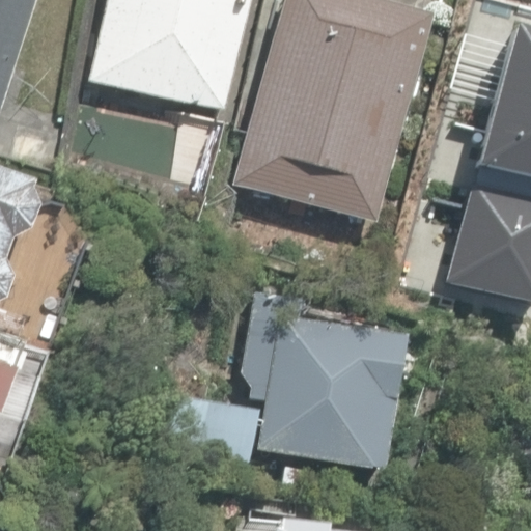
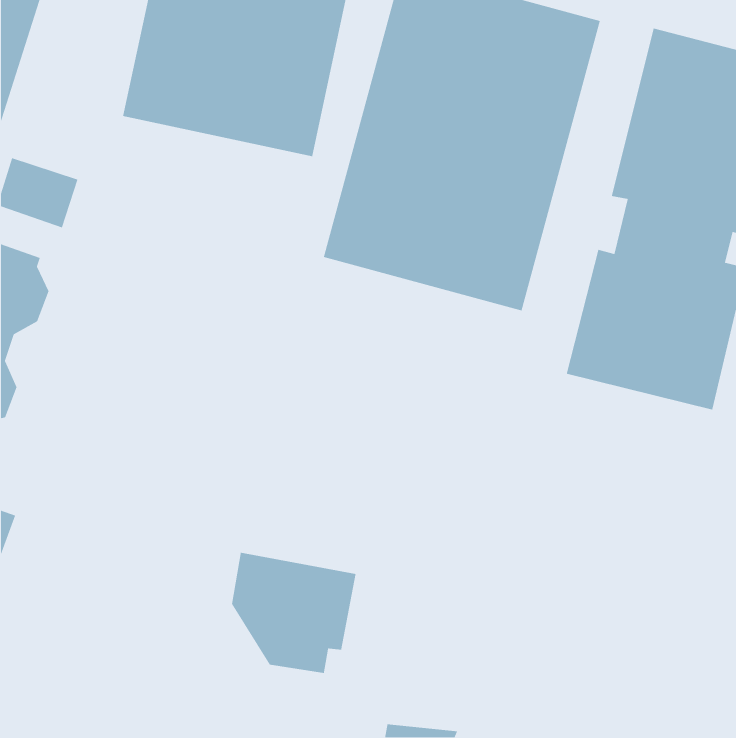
building: [245,289,407,467] -> none

